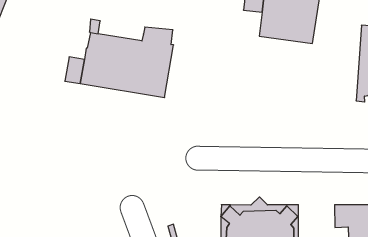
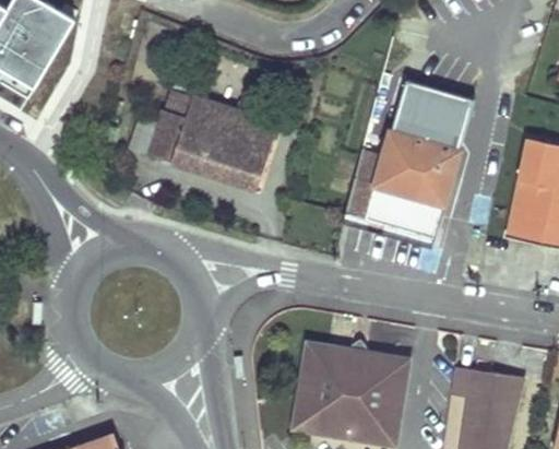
building: none -> [346,128,461,237]

